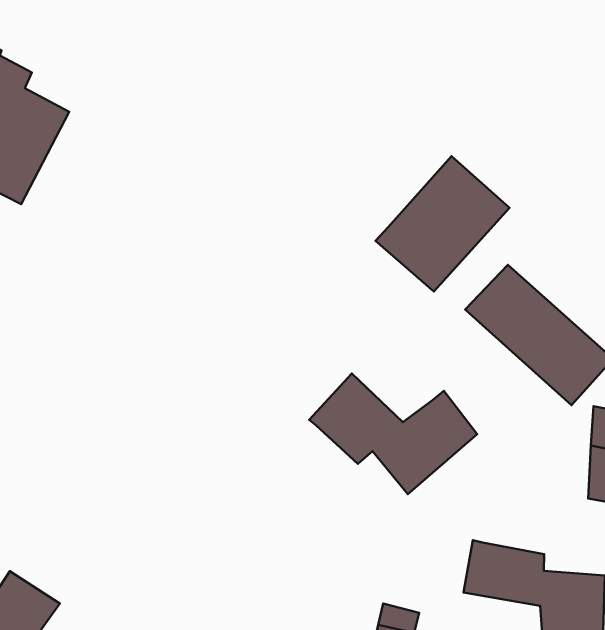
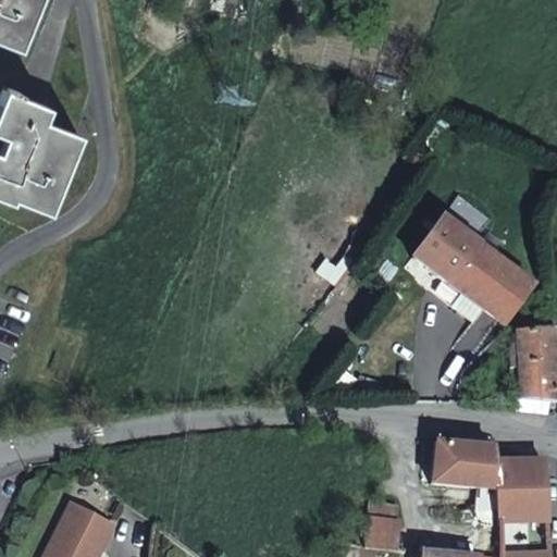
building: [375,156,509,291] -> none
building: [309,373,477,494] -> none

